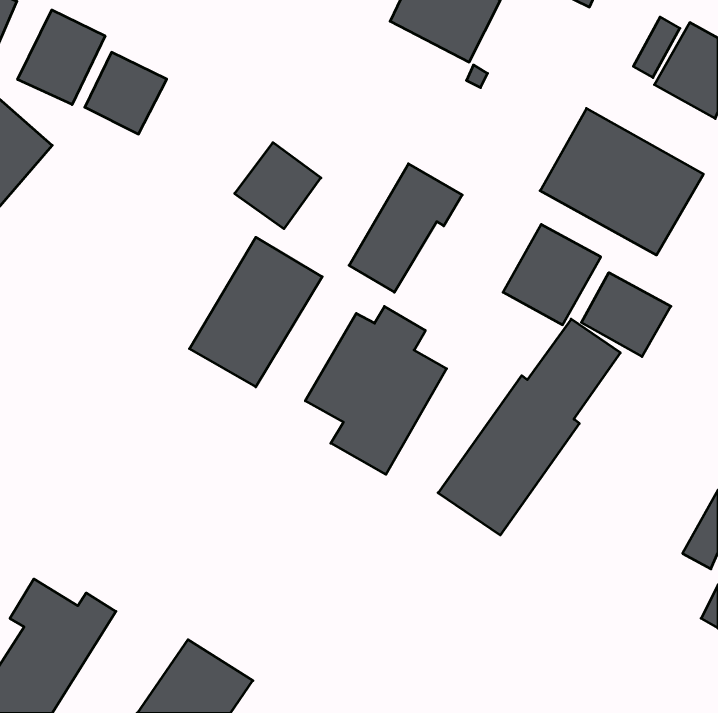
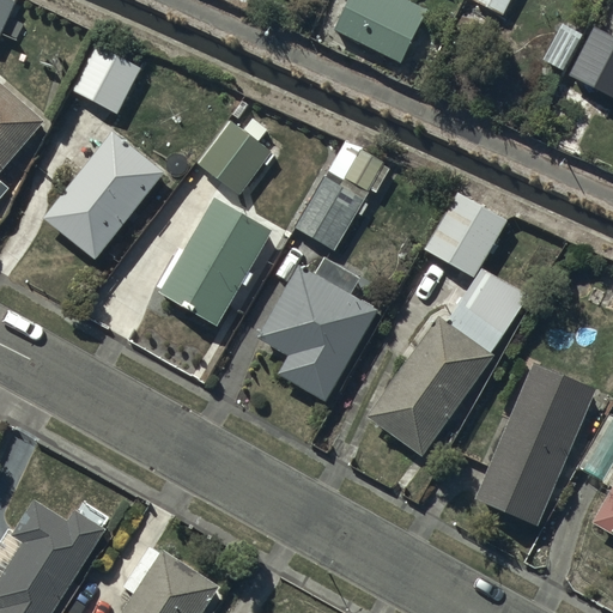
building: [18,10,105,105] -> none
building: [540,108,703,255] -> none
building: none -> [45,133,165,260]
building: [581,273,671,357] -> none
building: none -> [474,368,594,529]

